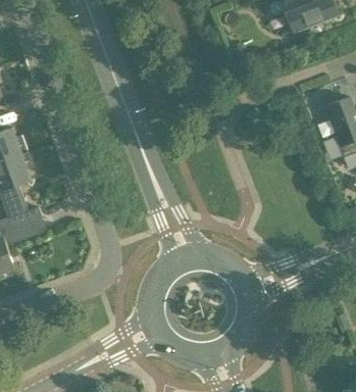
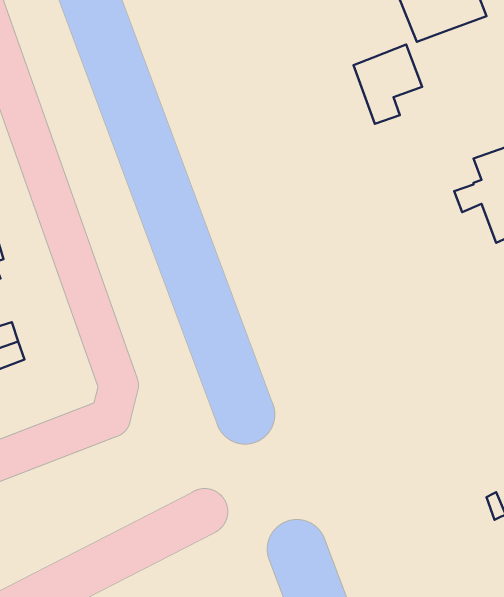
building: none -> [353,45,422,124]

